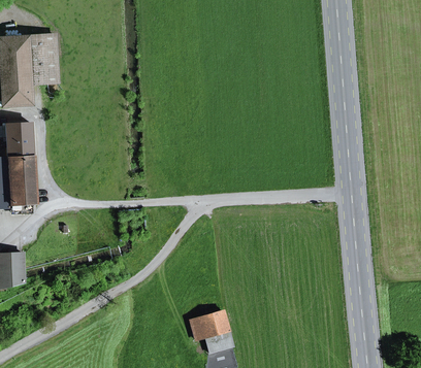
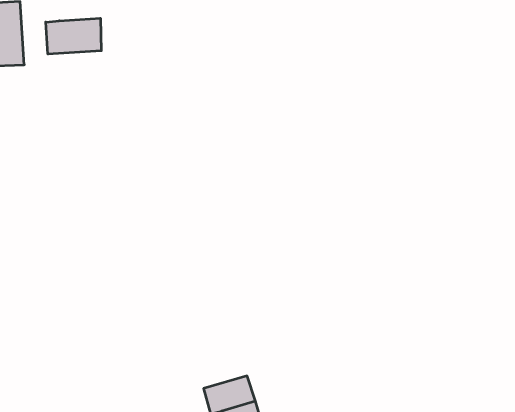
building: none -> [46,18,101,54]

